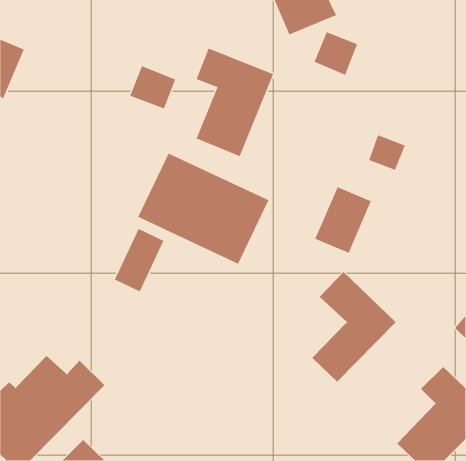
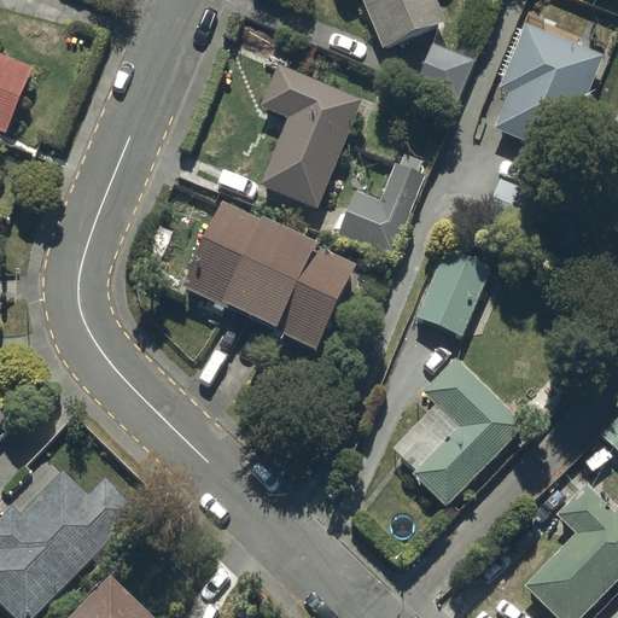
building: none -> [492,22,602,154]
building: [129,65,176,110] -> none
building: none -> [337,179,419,257]
building: [114,228,165,292] -> none

